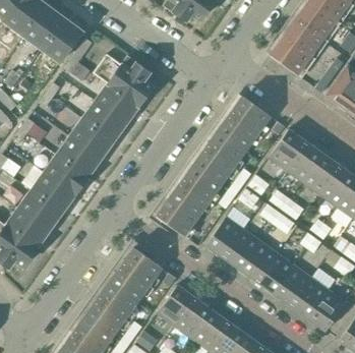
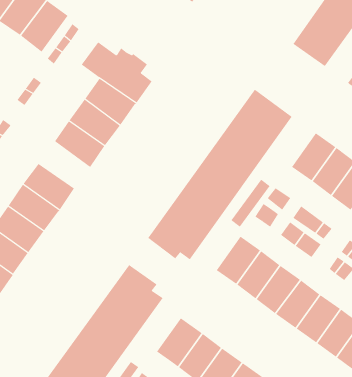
building: [58,137,102,177] -> none

